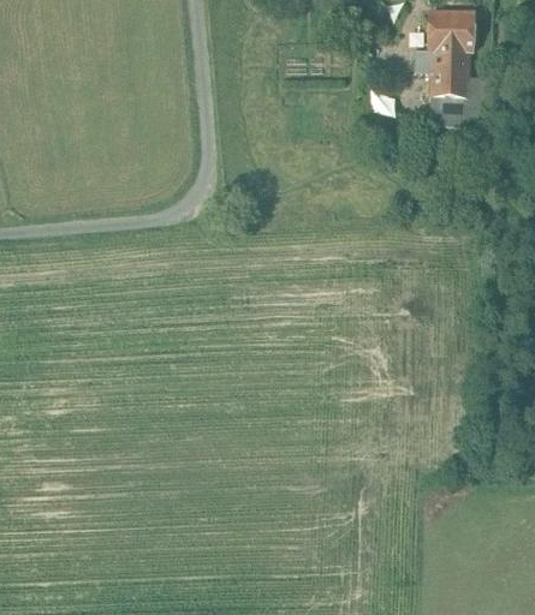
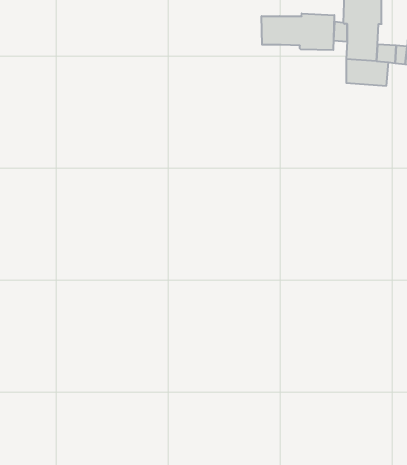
building: none -> [262,13,334,50]

